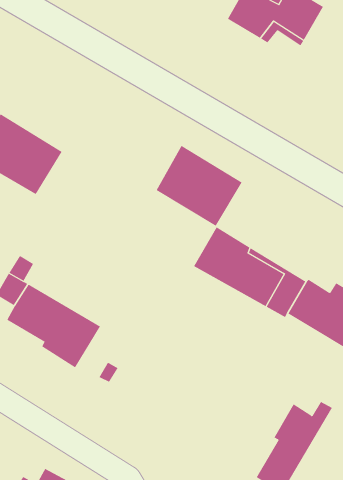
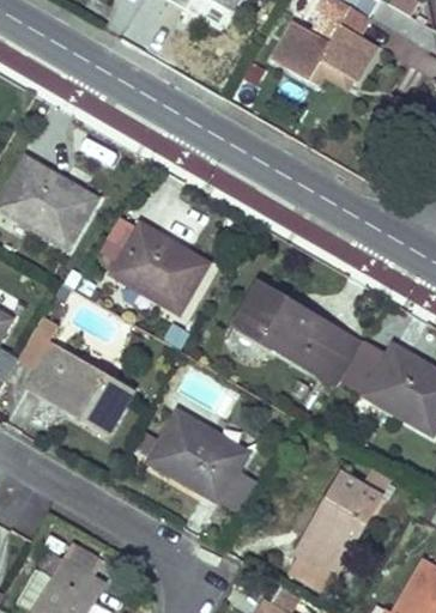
building: [156,145,243,227] -> [110,225,205,314]
building: none -> [150,412,262,517]

